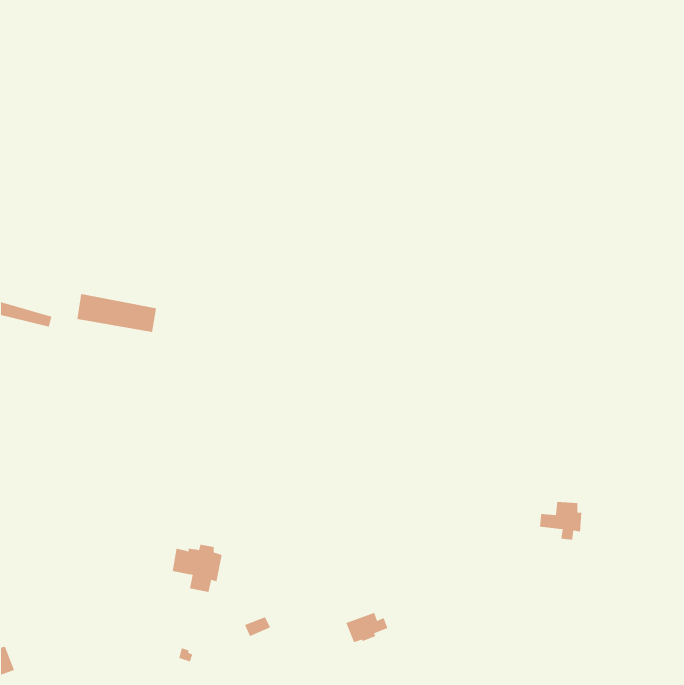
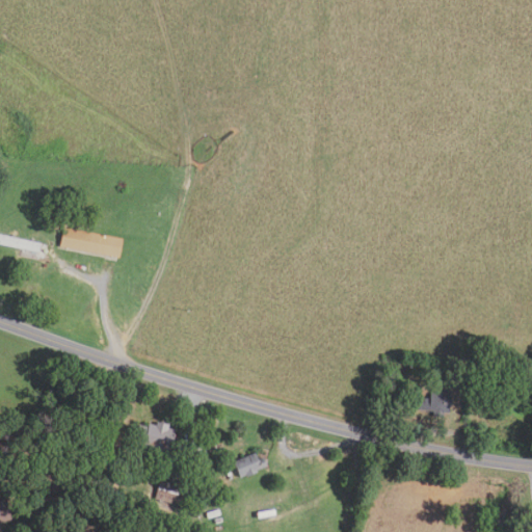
building: [345,612,388,643] -> [234,454,267,478]
building: none -> [157,477,182,505]

